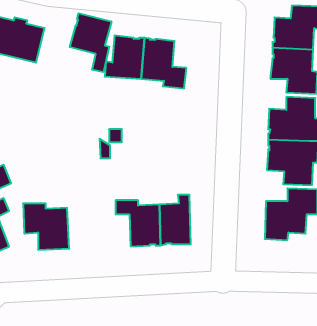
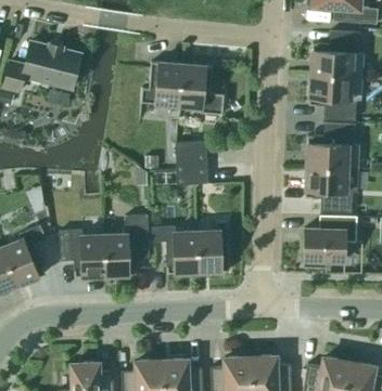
building: [70,13,111,72] -> none
building: none -> [175,142,207,185]
building: none -> [103,216,149,276]

